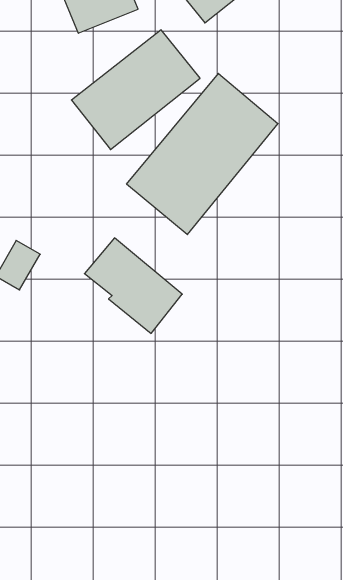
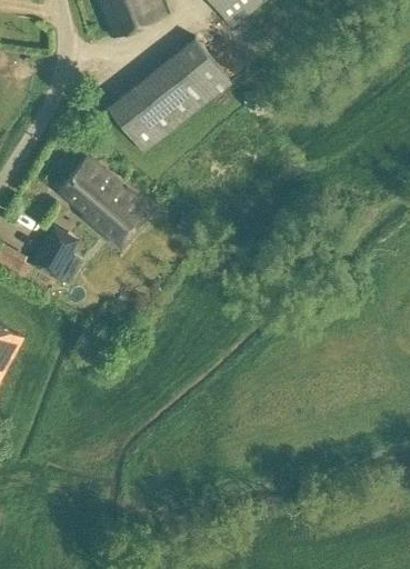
building: [127,73,278,235] -> none
building: [84,238,182,333] -> [57,157,151,249]

